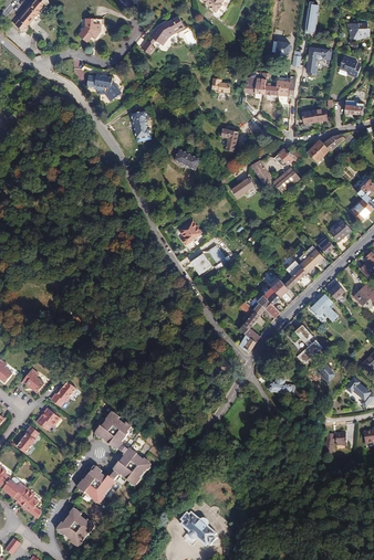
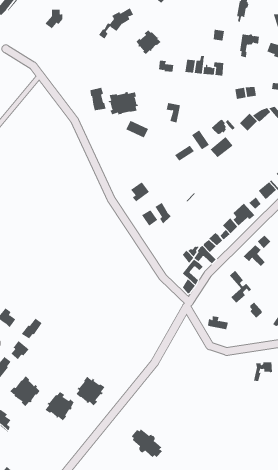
building: none -> [136,30,161,55]
building: [86,74,122,101] -> none
building: none -> [108,91,139,115]
building: [95,412,131,448] -> none
building: [56,508,93,546] -> [10,375,41,407]

